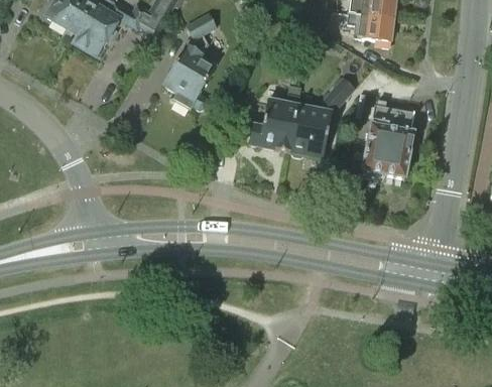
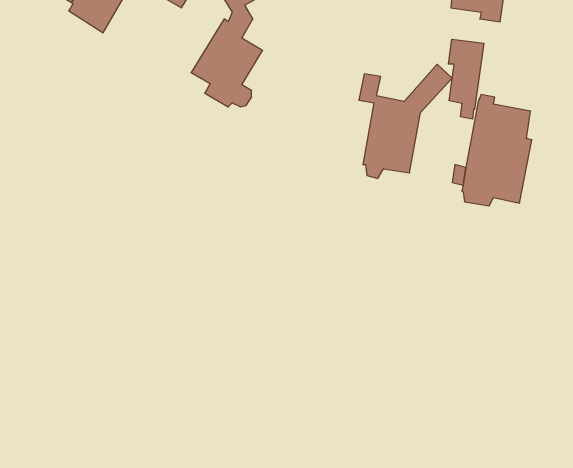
building: none -> [448,39,484,119]
building: [249,101,297,151] -> none

